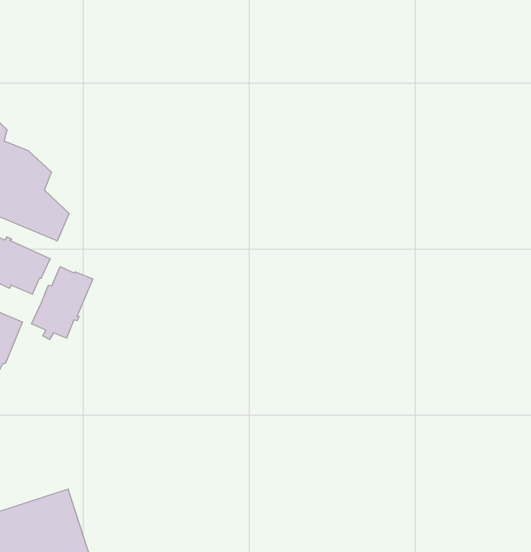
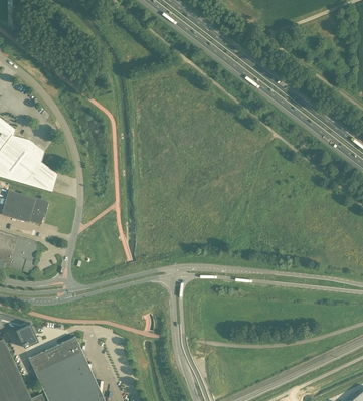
building: [32,267,93,340] -> none

